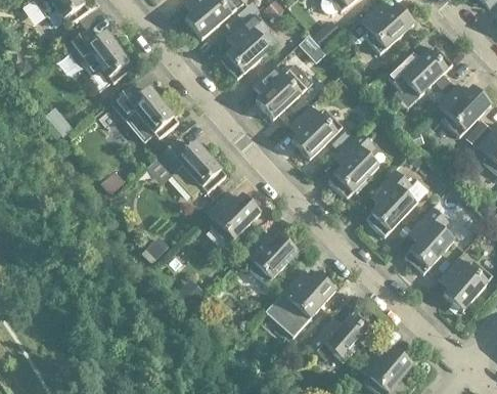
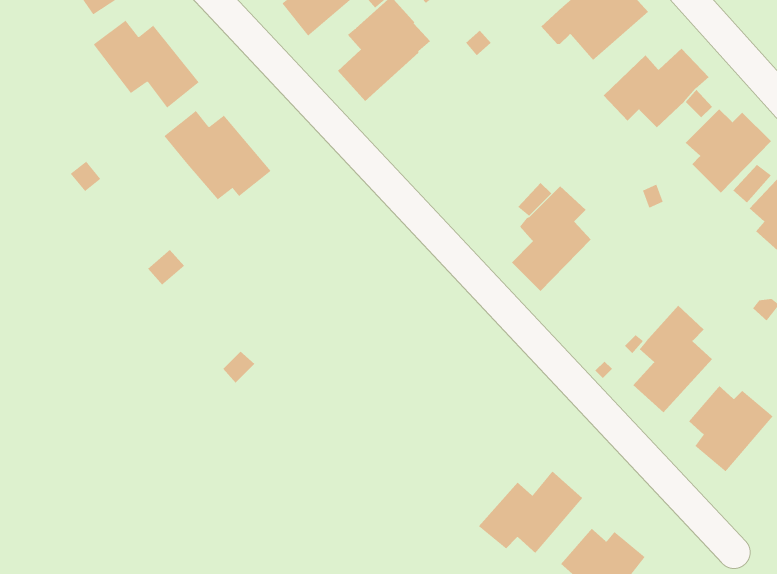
building: [254,64,312,120] -> none
building: [289,105,343,160] -> none
building: [159,140,226,195] -> none
building: [365,170,428,236] -> none
building: [207,191,261,245] -> none
building: [243,231,298,284] -> none
building: [268,271,335,334] -> none

